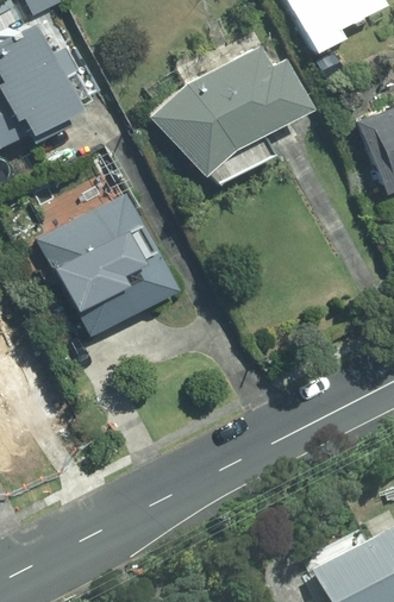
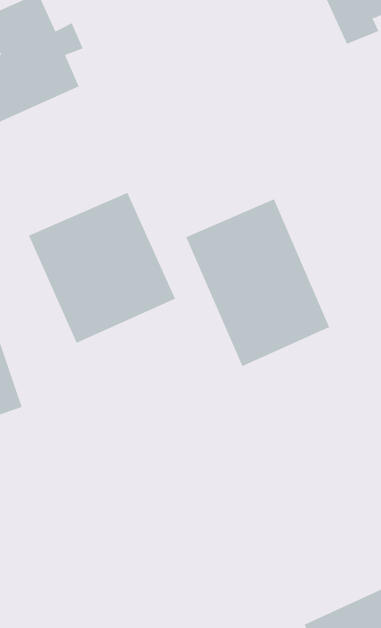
building: [154,46,313,184] -> none
building: none -> [186,198,330,367]

